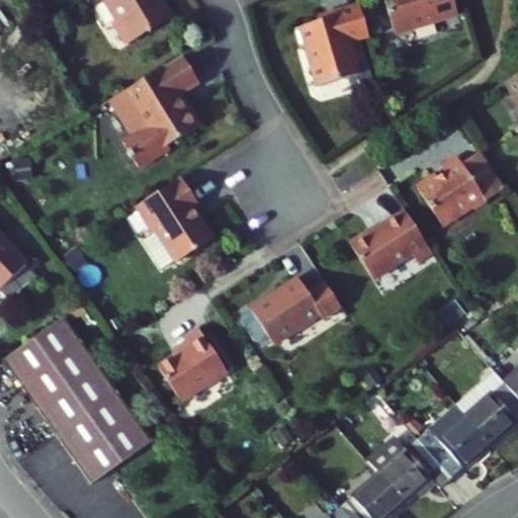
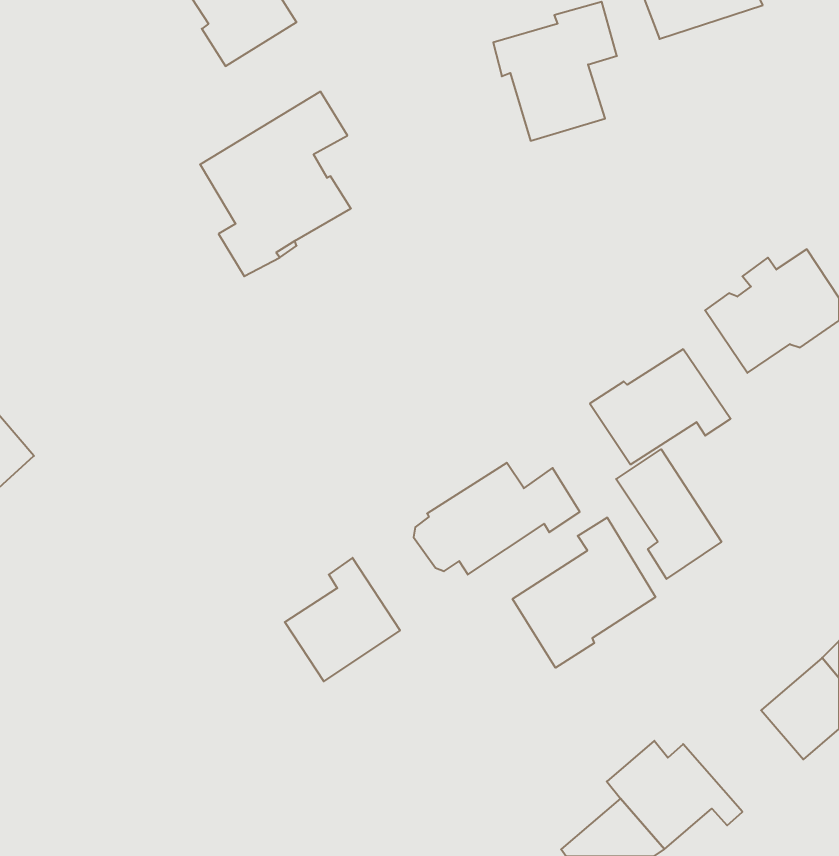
building: [145,177,224,271] -> none
building: none -> [616,449,721,579]
building: none -> [513,517,655,668]
building: [9,316,158,483] -> none
building: [408,424,480,485] -> none

